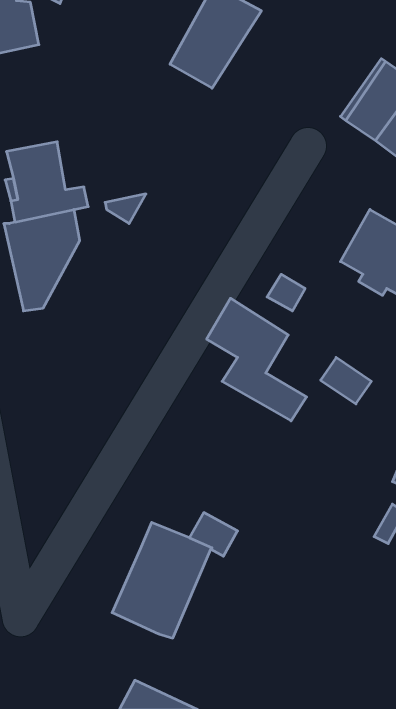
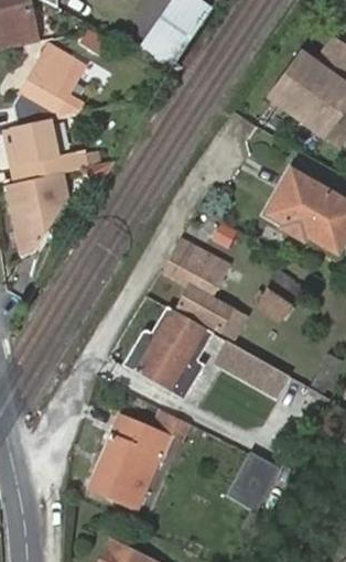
building: none -> [20,44,85,115]
building: none -> [125,306,210,398]
building: none -> [219,341,288,390]
building: none -> [227,453,278,511]

